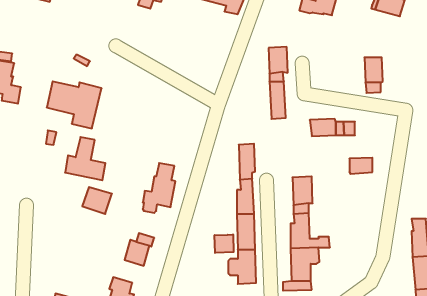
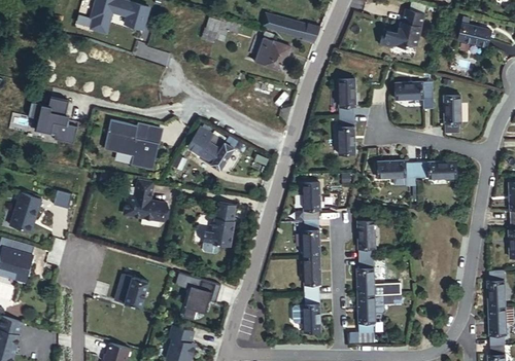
building: none -> [251,41,280,73]
building: none -> [393,80,431,106]
building: none -> [191,131,229,172]
building: [349,158,372,174] -> [431,159,455,177]
building: [82,187,112,214] -> [117,278,149,306]
building: [215,234,234,253] -> none

